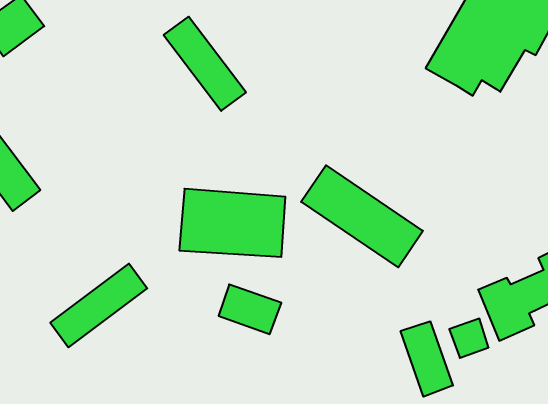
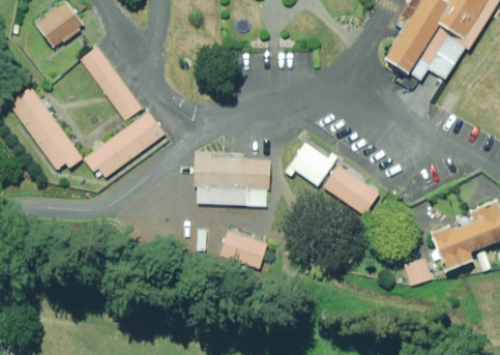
building: [164,17,246,111] -> [79,47,144,121]
building: [50,264,147,347] -> [87,114,164,180]
building: [401,321,453,397] -> none

